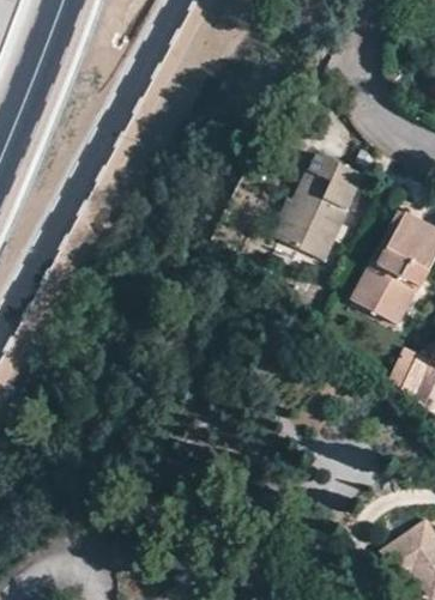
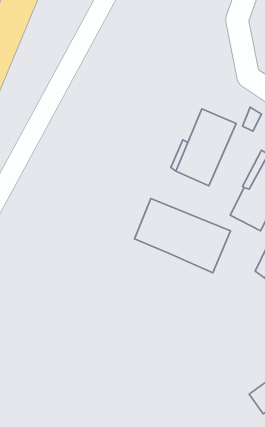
building: none -> [135,198,231,273]

